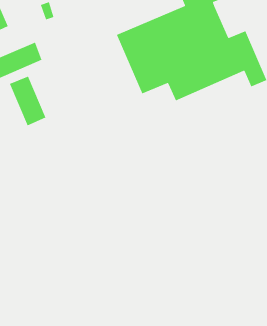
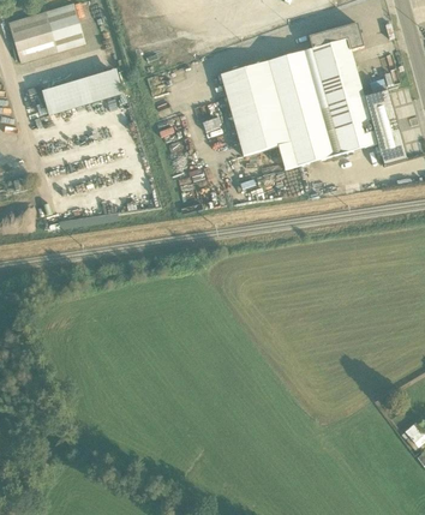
building: [9,75,46,127] -> none

